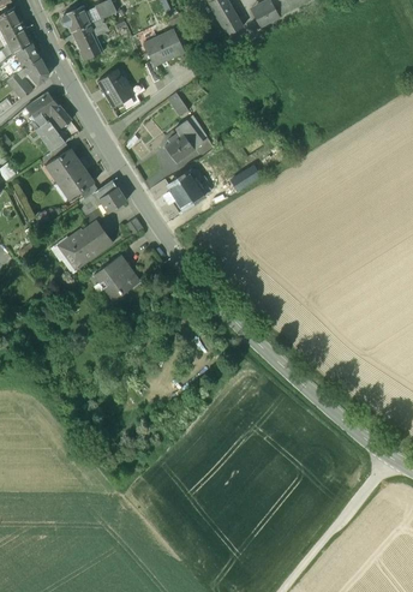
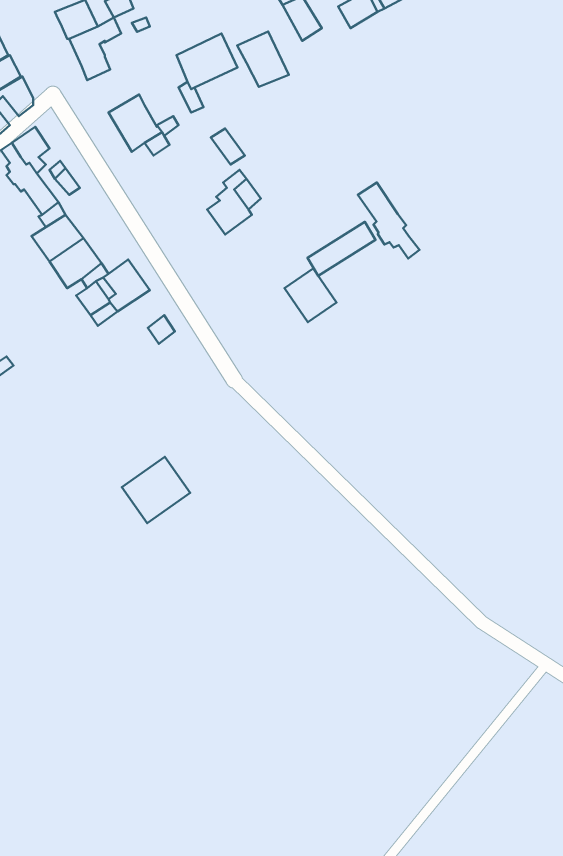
building: none -> [237,31,289,87]
building: none -> [358,182,420,259]
building: [168,173,203,209] -> [285,268,337,322]
building: [61,223,112,268] -> none
building: [92,257,138,301] -> [122,457,190,523]

